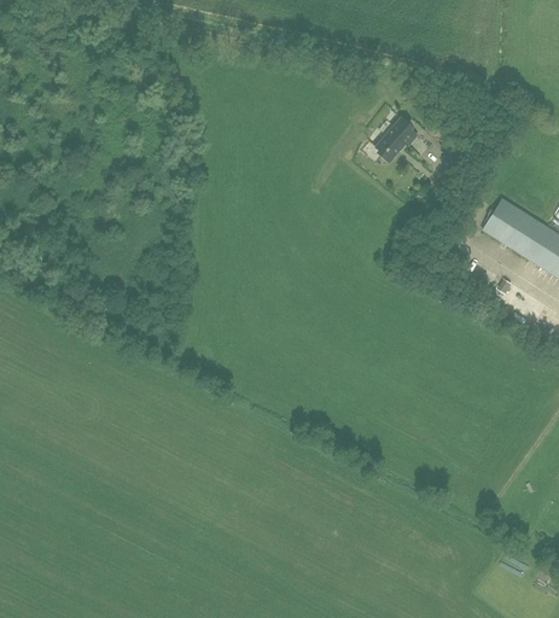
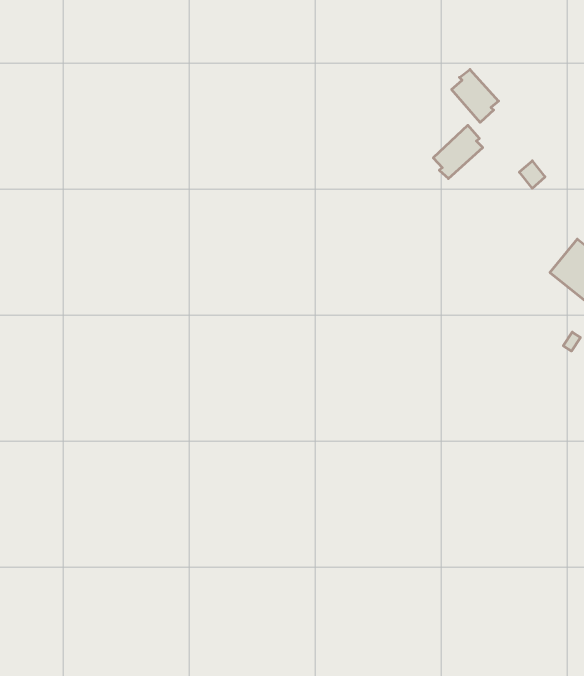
building: none -> [452,69,499,122]

